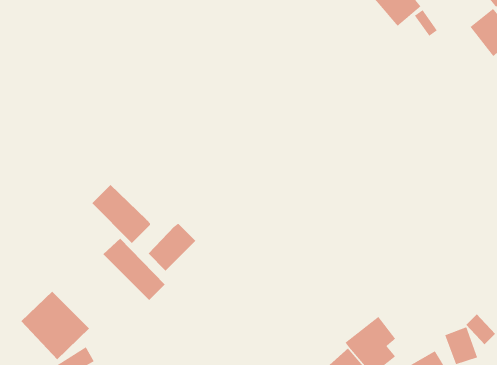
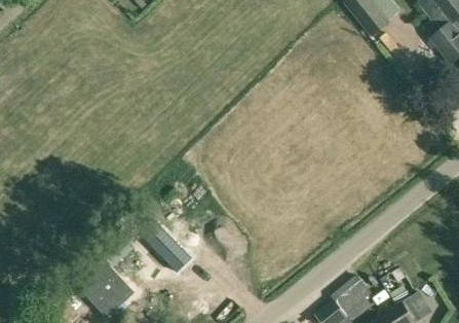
building: [92,184,151,244] -> none
building: [148,223,196,271] -> none

